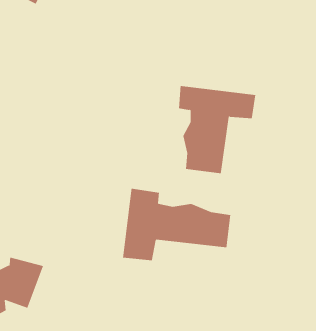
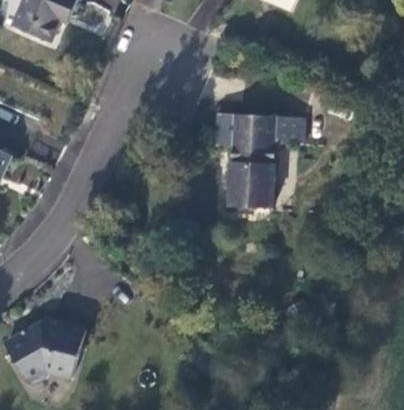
building: [122,188,231,261] -> none

